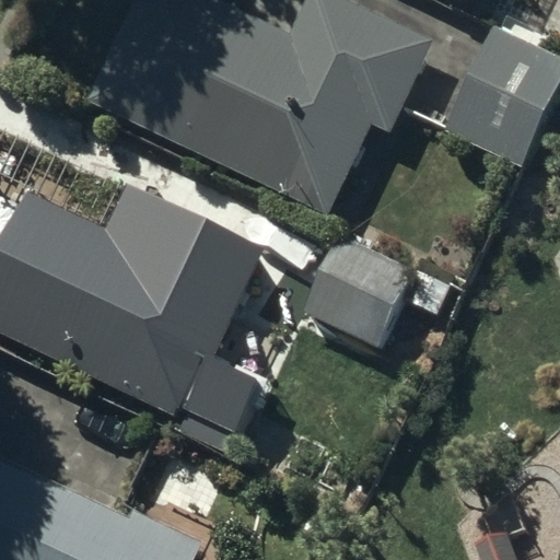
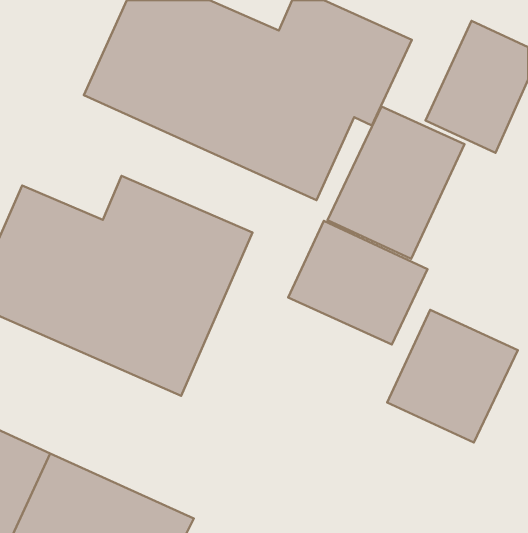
building: none -> [328,106,465,259]
building: none -> [387,310,518,442]

